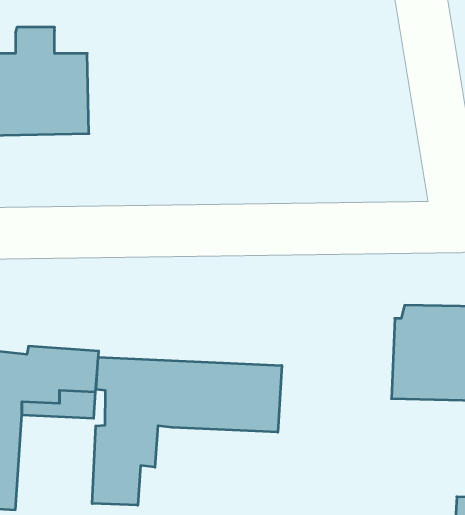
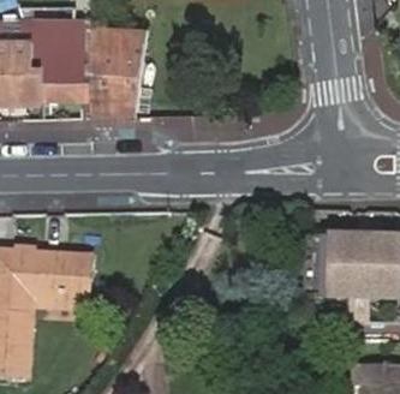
building: none -> [56,20,143,119]
building: [92,357,282,505] -> none

